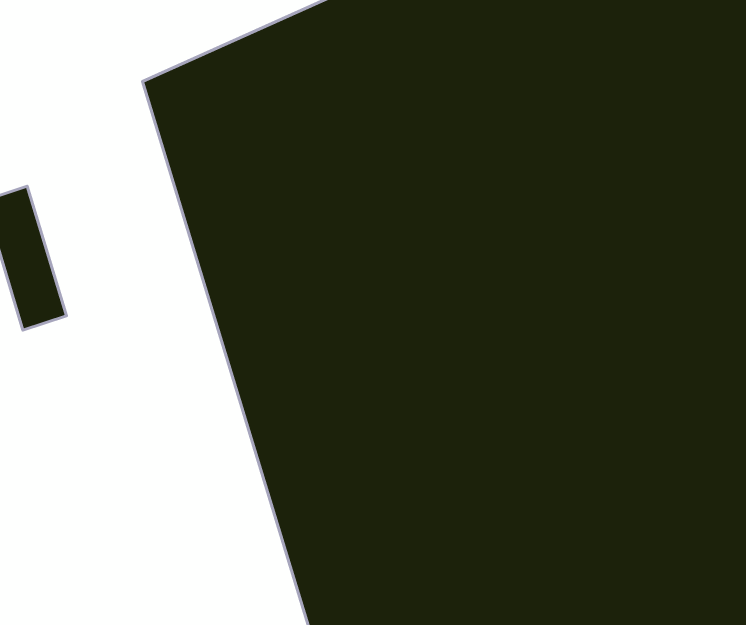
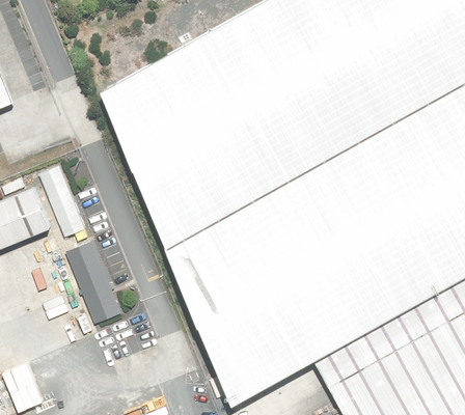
building: none -> [56,229,111,316]

